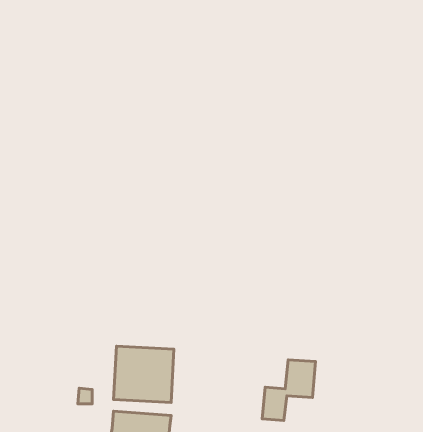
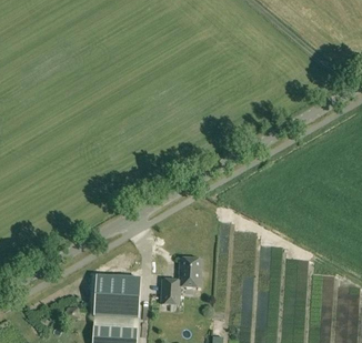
building: [262,360,315,420] -> [161,258,202,304]

